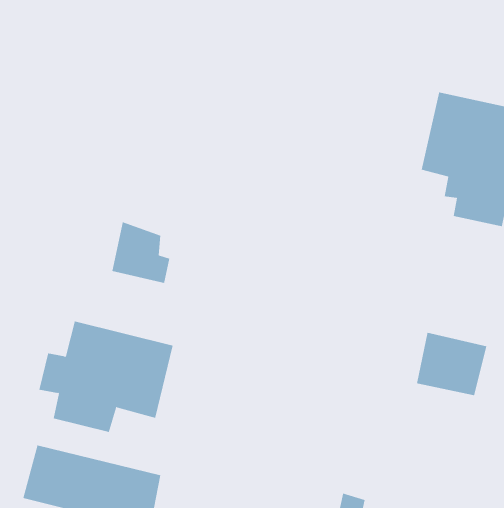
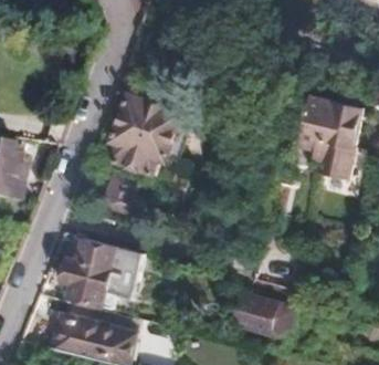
building: none -> [109,92,182,175]
building: [416,332,487,396] -> [253,298,297,337]

